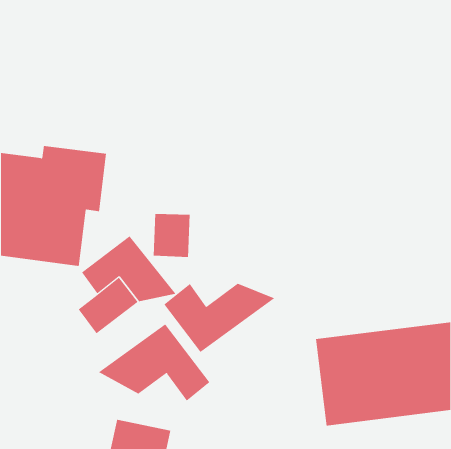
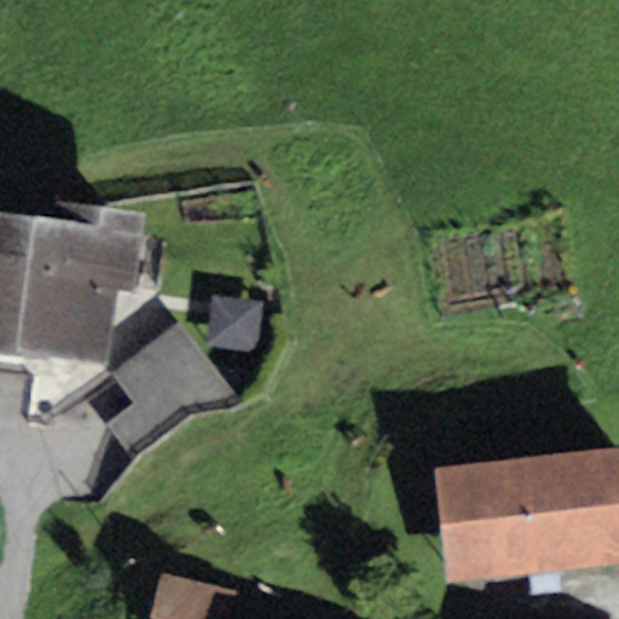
building: [163,283,275,353] -> none
building: [98,323,210,402] -> none

